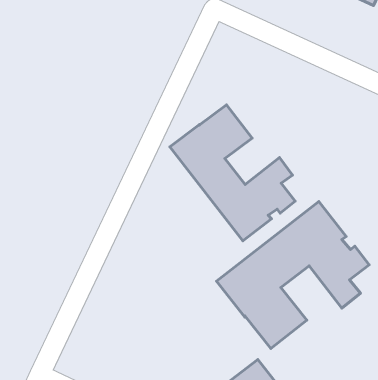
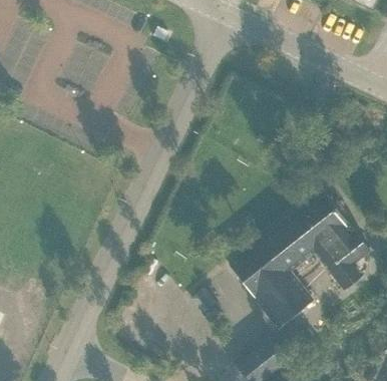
building: [170,105,295,241] -> none

